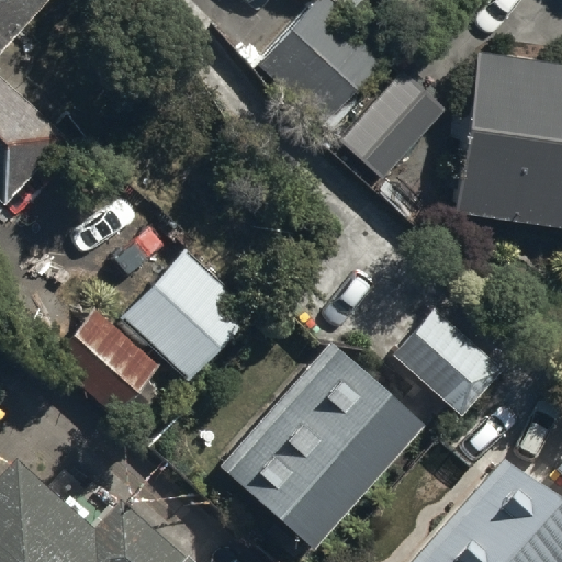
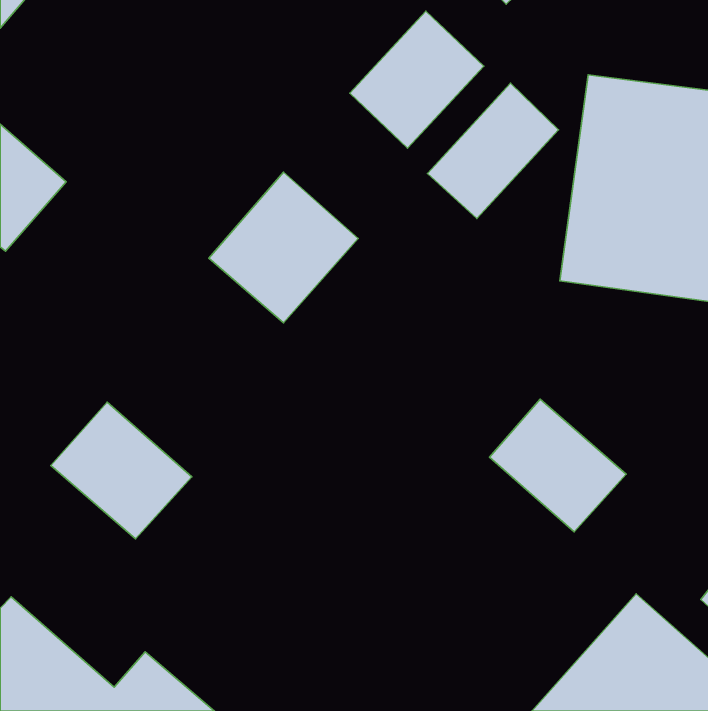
building: [134,259,250,376] -> [209,172,358,323]
building: [226,345,424,547] -> none

